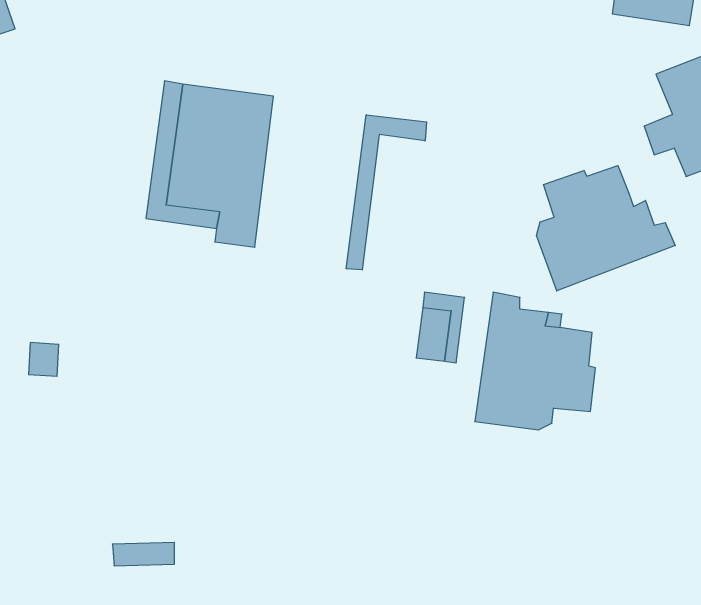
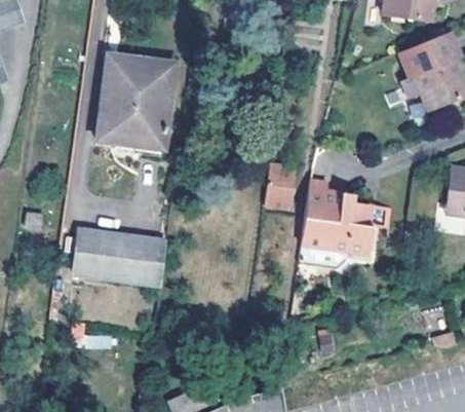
building: [346,115,427,270] -> none
building: [536,166,675,291] -> none
building: none -> [75,227,168,283]

